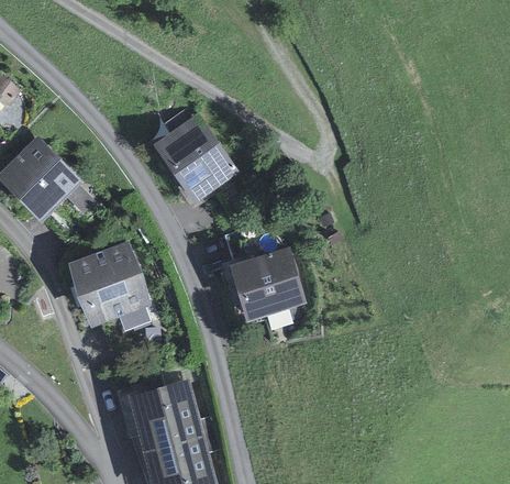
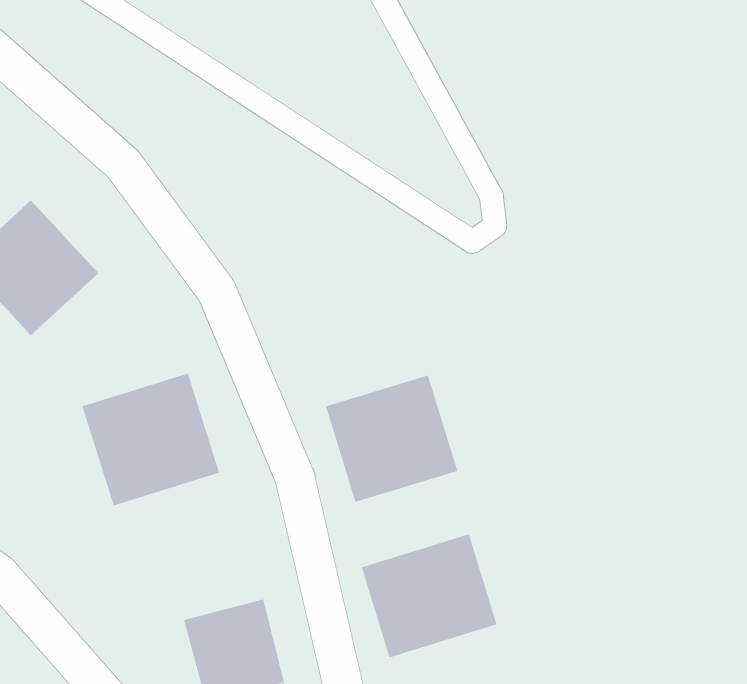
building: [151,112,237,201] -> none
building: none -> [361,534,497,658]

